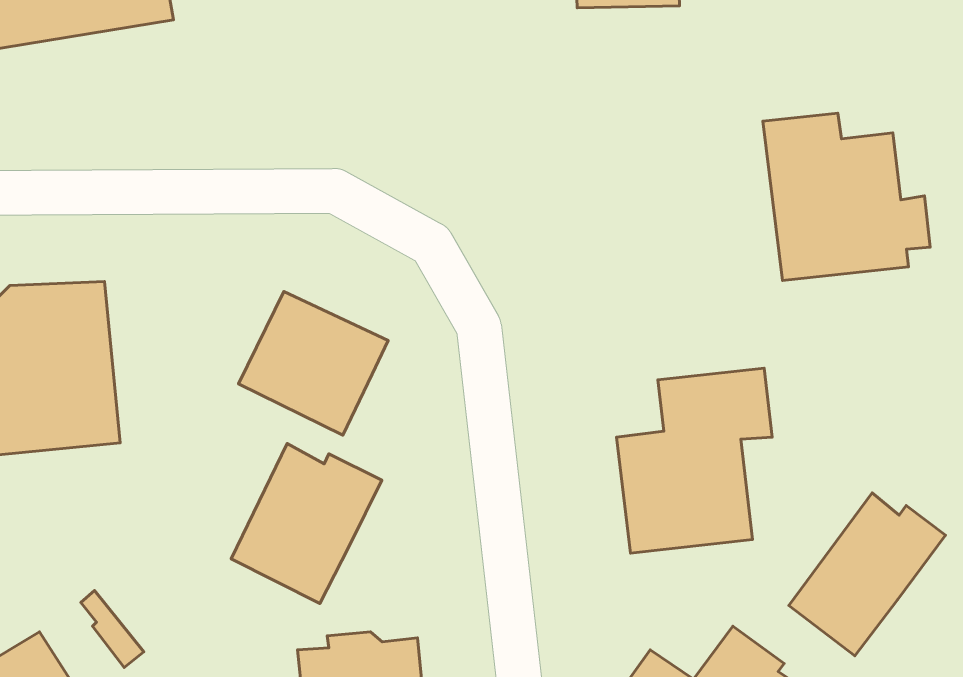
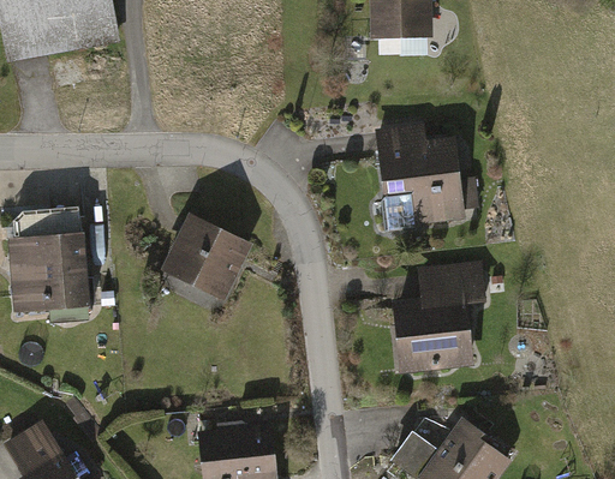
building: [763,113,930,281] -> [377,125,479,227]
building: [231,444,382,604] -> none
building: [789,493,945,656] -> none

